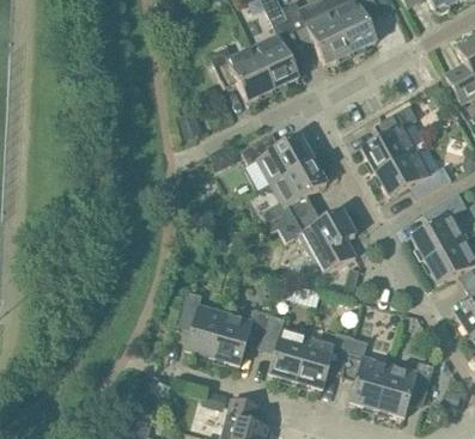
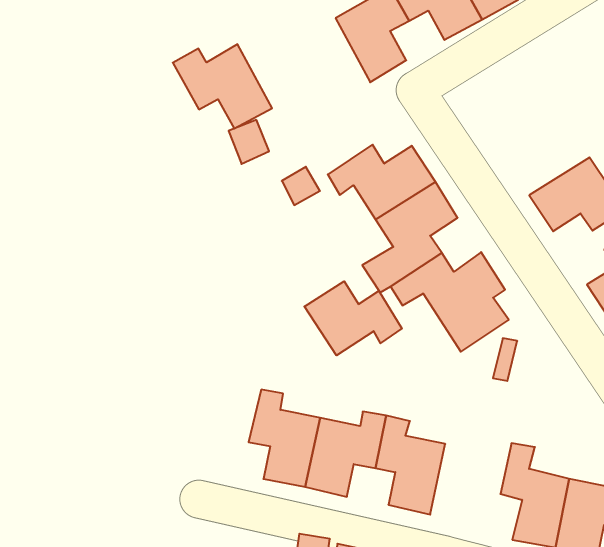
building: [209,45,274,102] -> [173,44,272,129]
building: [361,104,418,172] -> none
building: none -> [304,281,402,355]
building: [296,333,353,389] -> none

